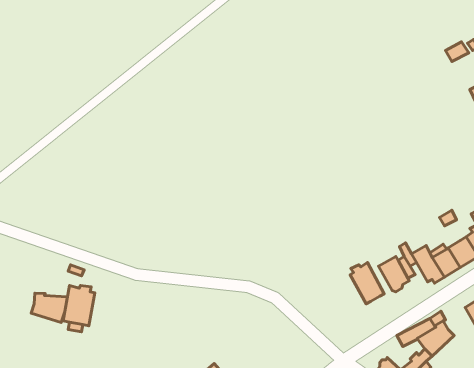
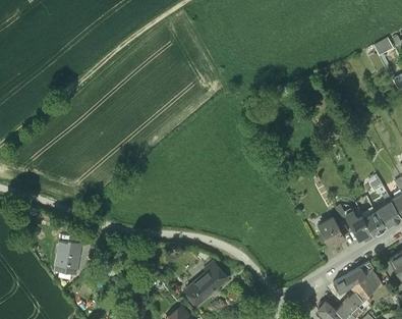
building: [350,262,384,304] -> none
building: [31,293,67,323] -> none
building: none -> [185,263,228,306]

